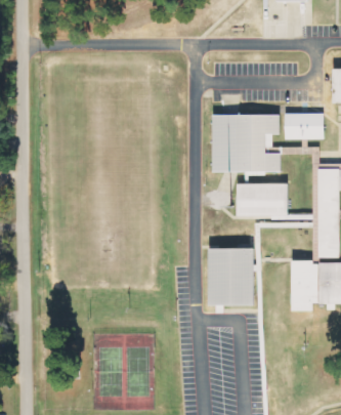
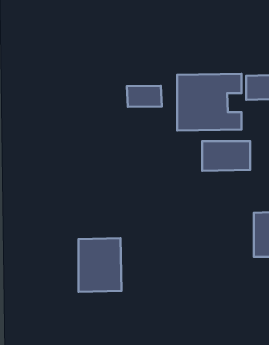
building: none -> [127,86,162,107]
building: [209,248,255,305] -> [78,238,121,292]

